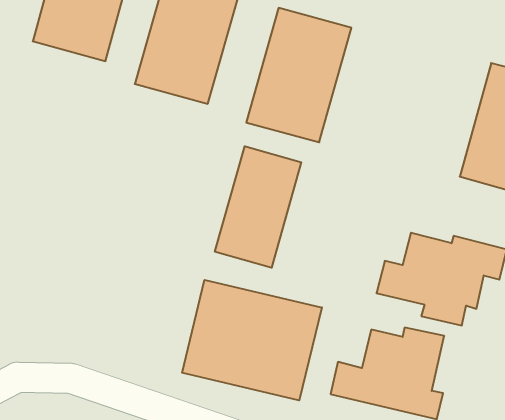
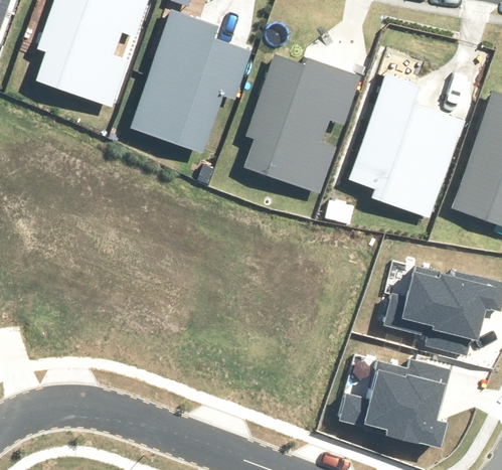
building: none -> [355,74,457,204]
building: [215,146,301,268] -> none
building: [182,280,322,400] -> none

